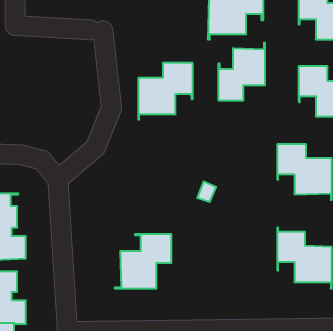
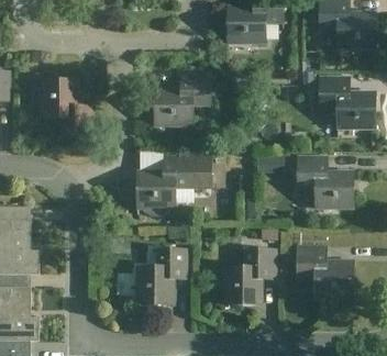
building: [219,43,265,101] -> none
building: none -> [35,79,93,135]
building: none -> [137,152,211,215]
building: none -> [219,248,276,304]

